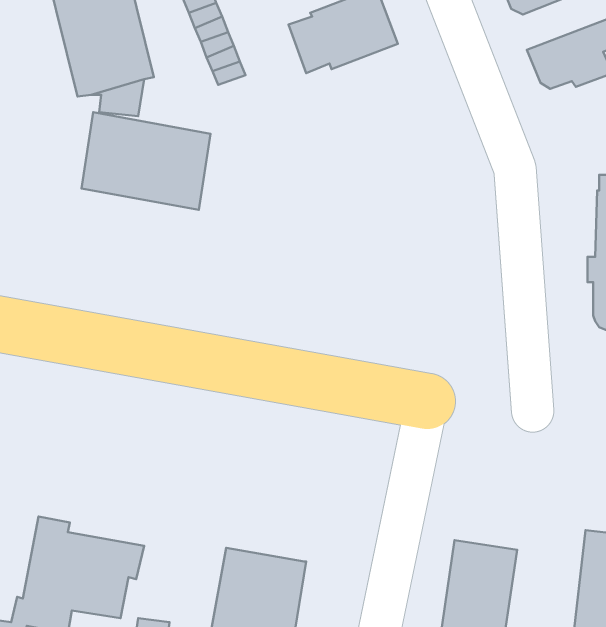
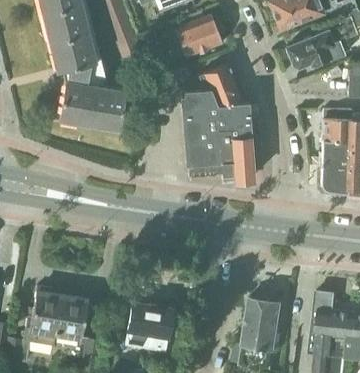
building: none -> [182,63,263,183]

